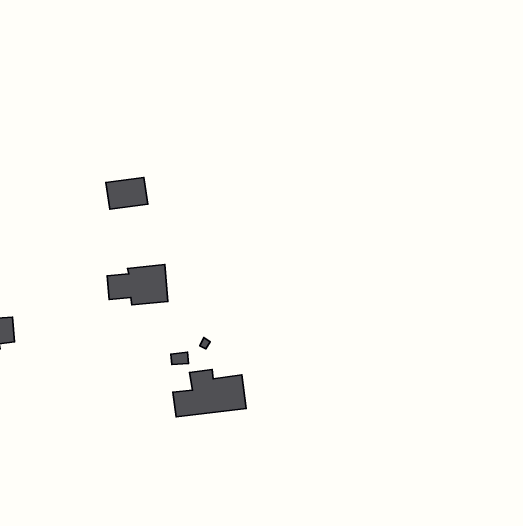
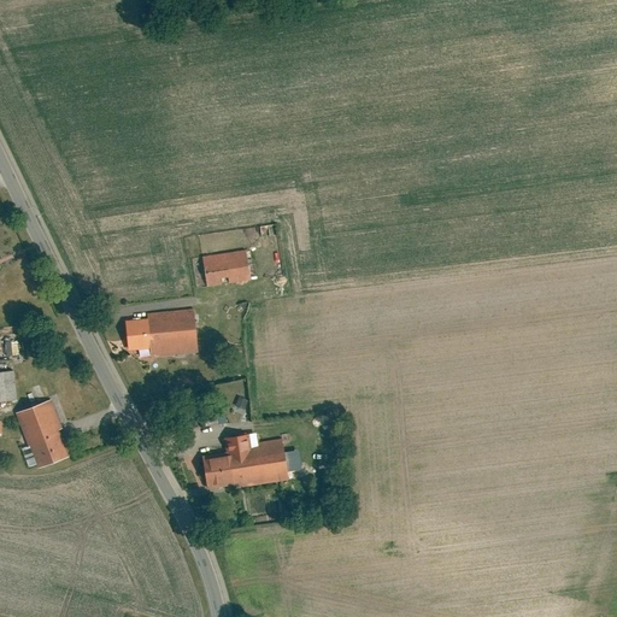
building: [106,177,148,209] -> [201,251,251,288]
building: none -> [17,401,66,466]

